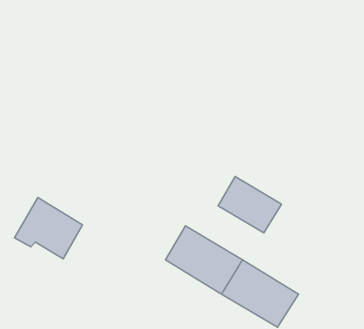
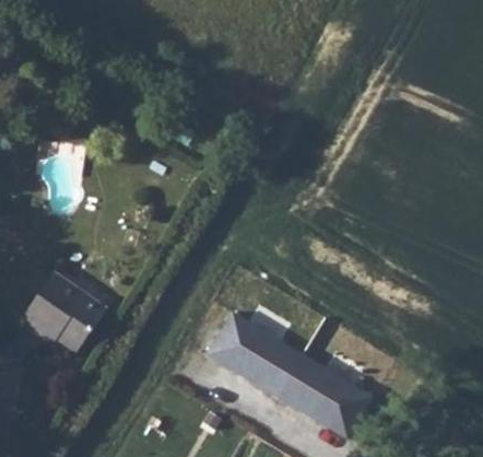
building: [218,176,281,233] -> none

